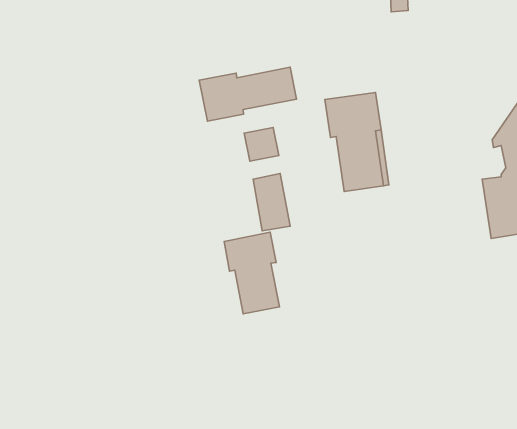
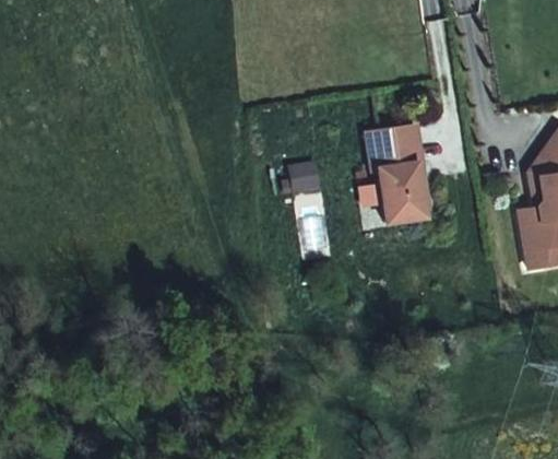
building: [199,67,297,121] -> none
building: [224,232,279,314] -> none

